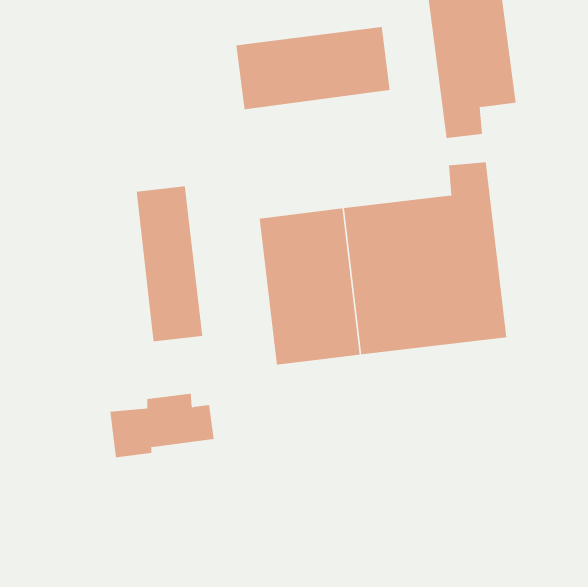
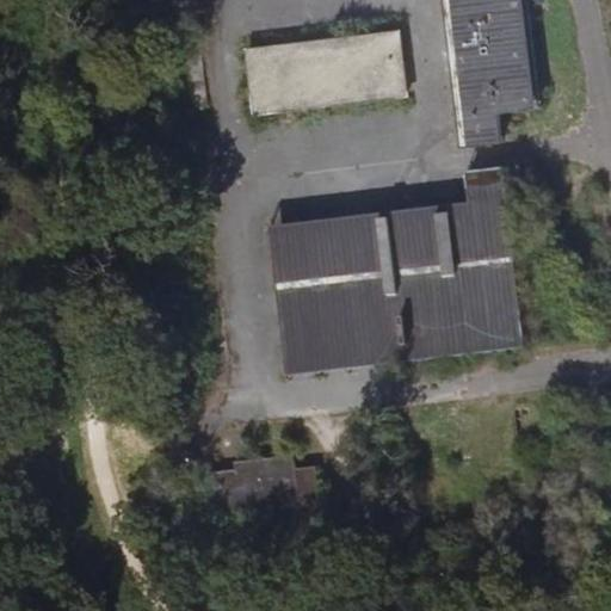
building: [136,185,203,342] -> none
building: [109,393,215,458] -> [206,455,315,521]

